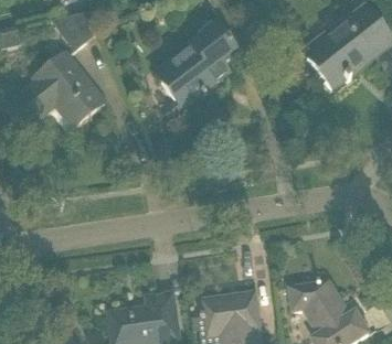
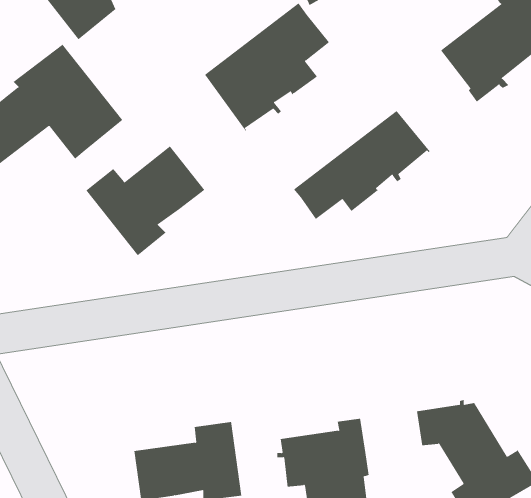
building: none -> [293,110,430,220]
building: none -> [86,146,205,256]

